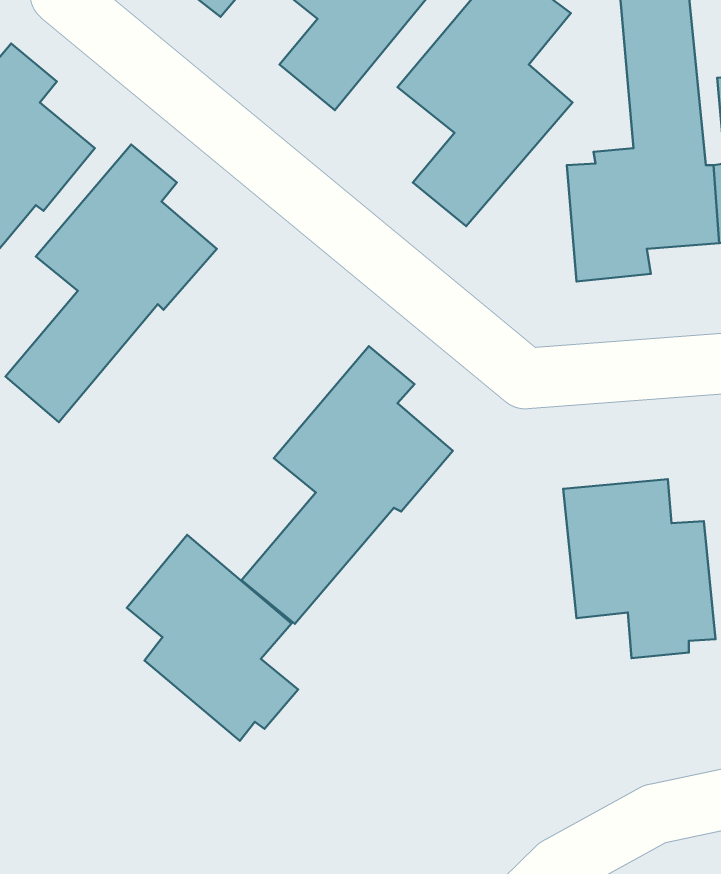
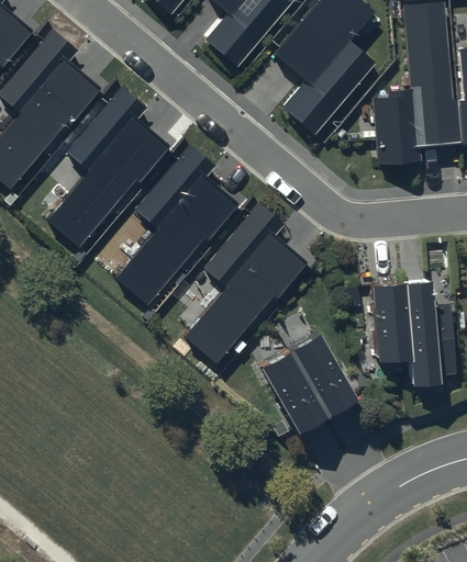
building: none -> [116,144,238,305]
building: [127,535,298,741] -> none
building: none -> [258,330,356,434]

